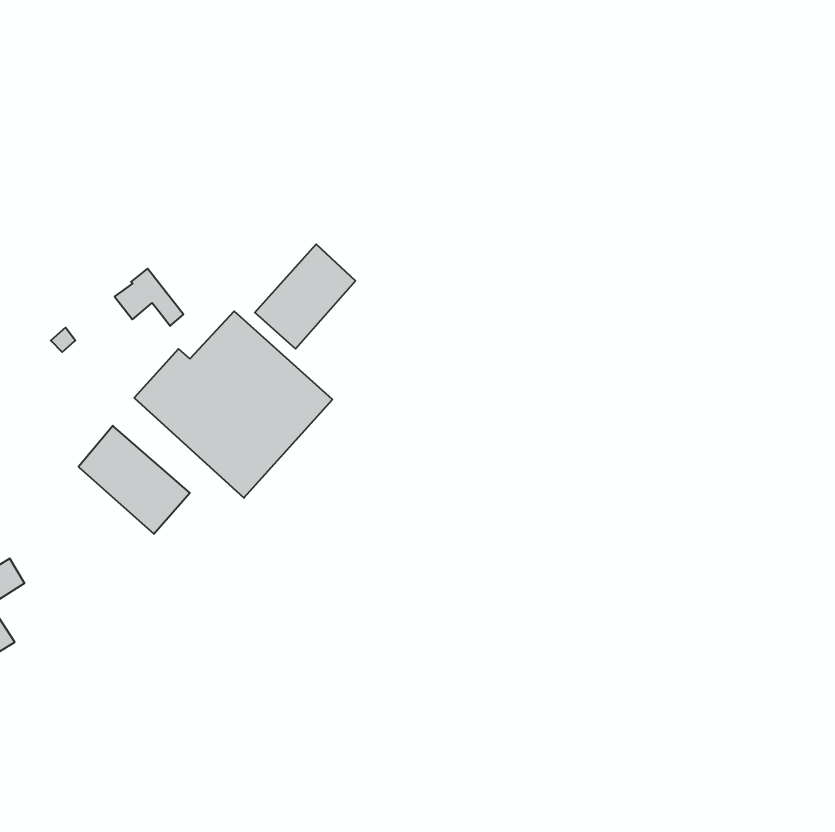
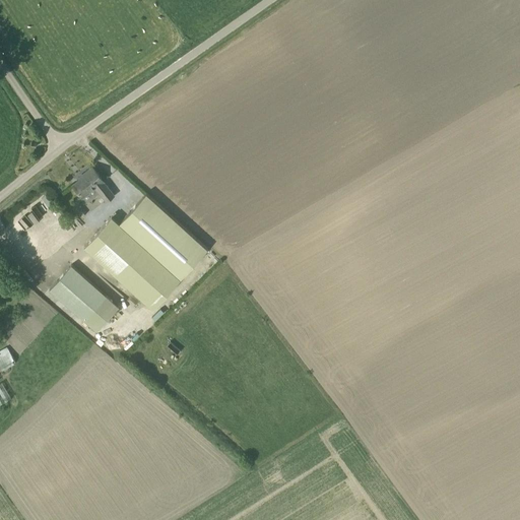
building: [255,244,355,349] -> none

